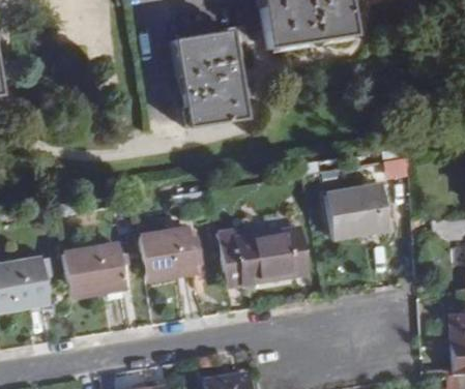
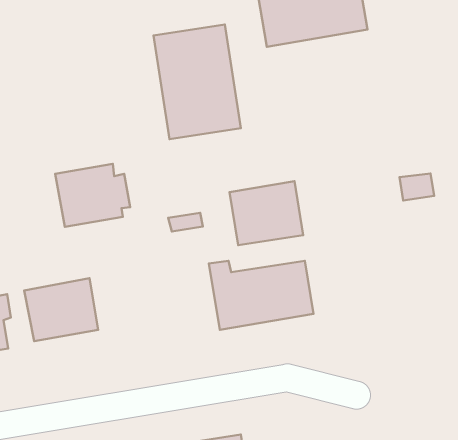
building: [327,184,389,238] -> [229,181,303,245]
building: [140,228,203,280] -> [55,164,130,227]

